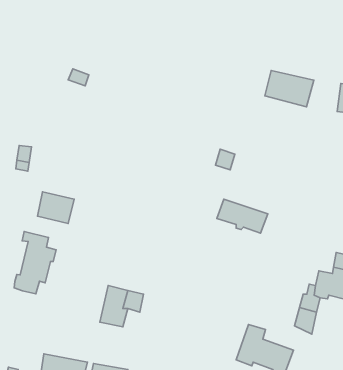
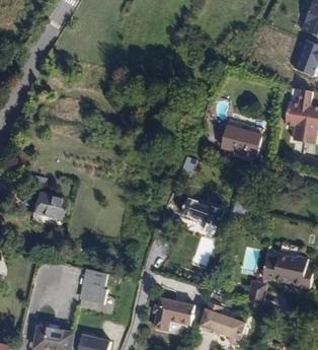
building: [265,70,314,107] -> [223,126,263,156]
building: [14,231,56,294] -> none
building: none -> [156,297,194,330]

